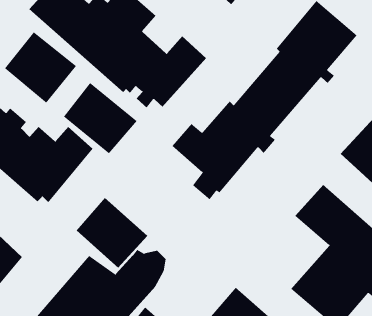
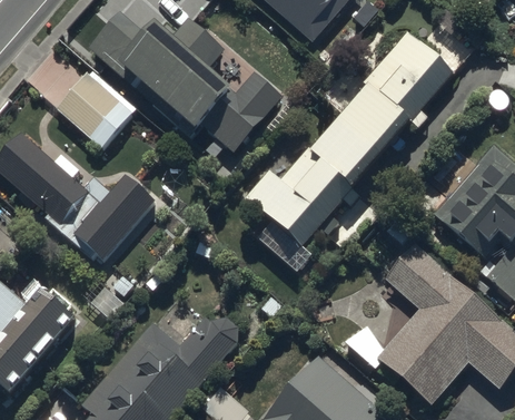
building: [63,82,137,154] -> none
building: [76,197,148,268] -> none

